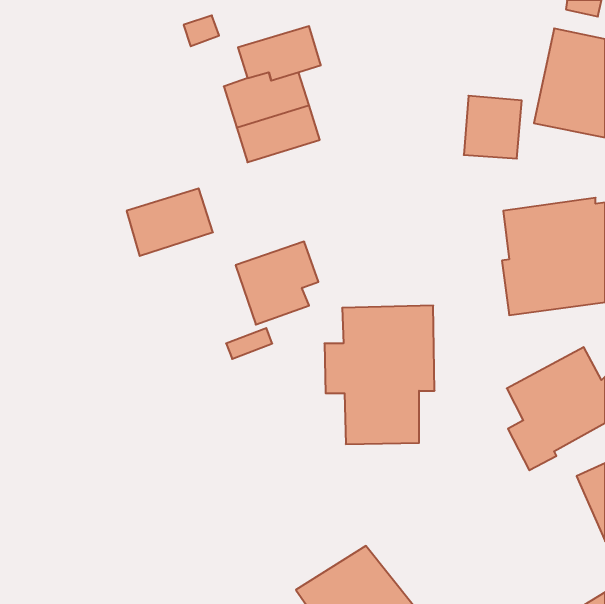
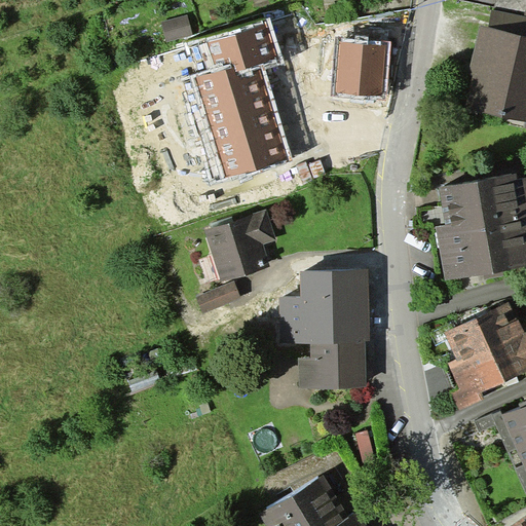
building: [464,96,522,159] -> [336,43,386,98]
building: [127,188,213,256] -> [215,122,290,181]

